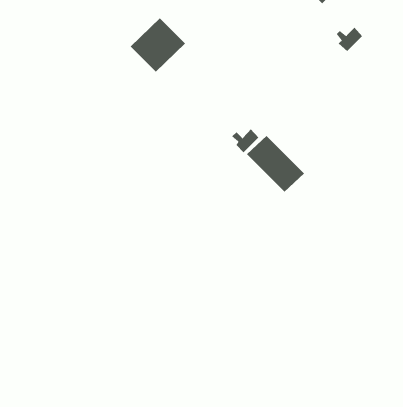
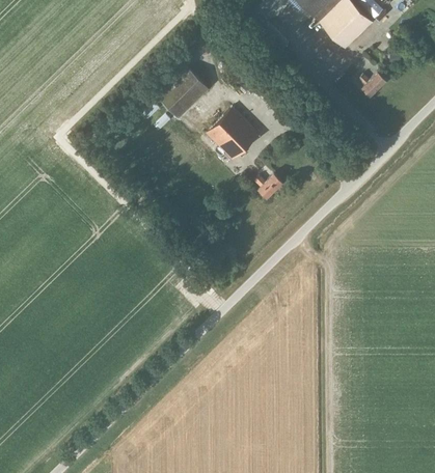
building: none -> [206,108,257,161]
building: [246,135,305,193] -> none

